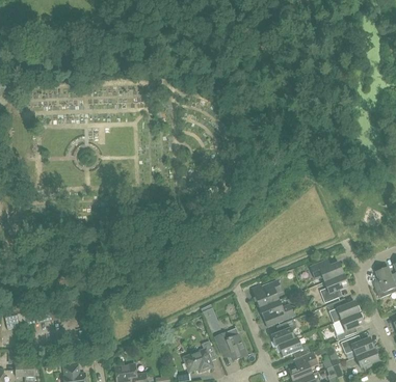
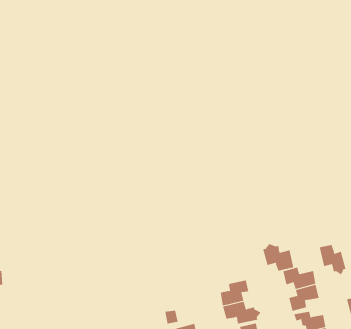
building: none -> [319,244,346,275]
building: none -> [262,243,294,271]

